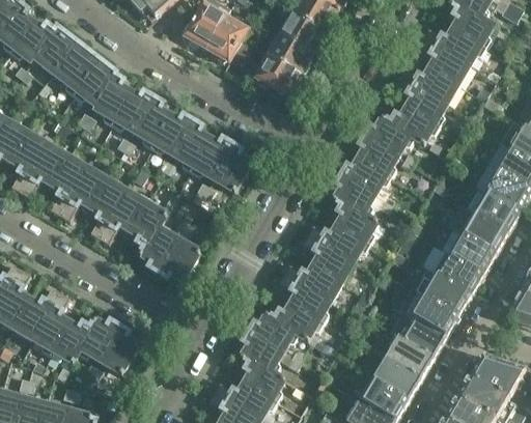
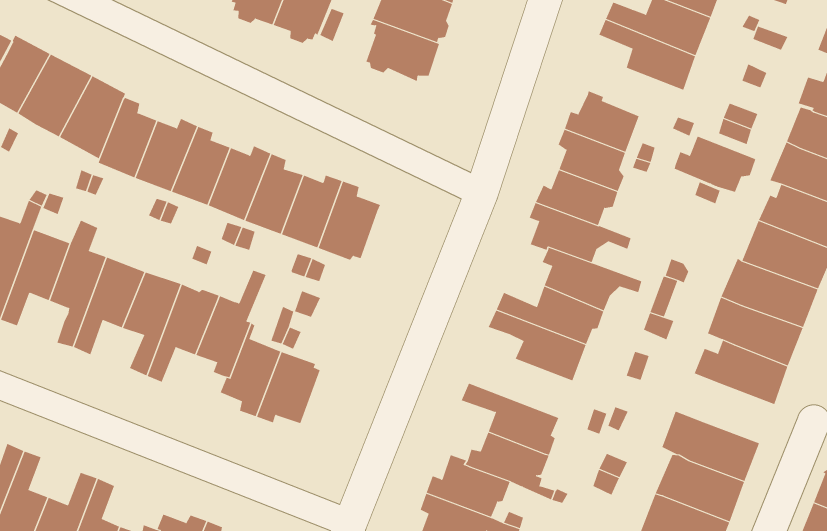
building: [389,107,438,143] -> [674,136,757,192]
building: [284,263,344,302] -> none
building: [397,289,458,336] -> none

